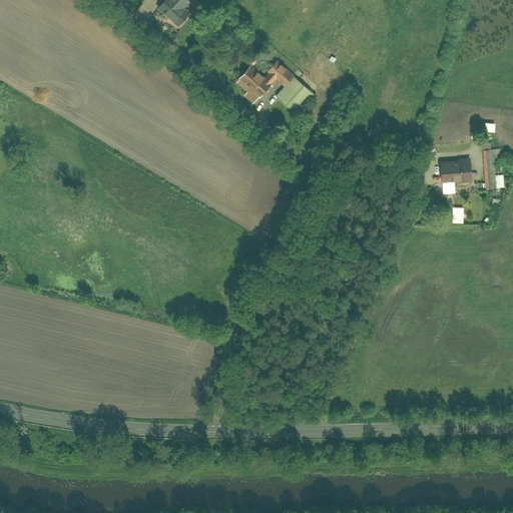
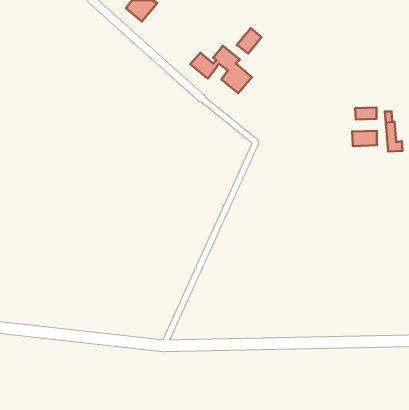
building: none -> [237,28,261,54]
building: none -> [355,107,377,120]

